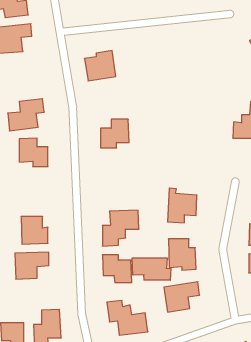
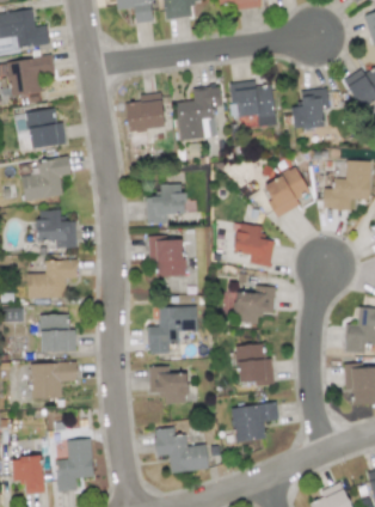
building: none -> [229,81,275,126]
building: none -> [176,86,221,140]
building: none -> [291,87,330,130]
building: none -> [25,108,66,149]
building: none -> [262,166,309,216]
building: none -> [233,222,273,265]
building: none -> [148,237,185,276]
building: none -> [27,259,76,298]
building: [132,258,171,280] -> none

